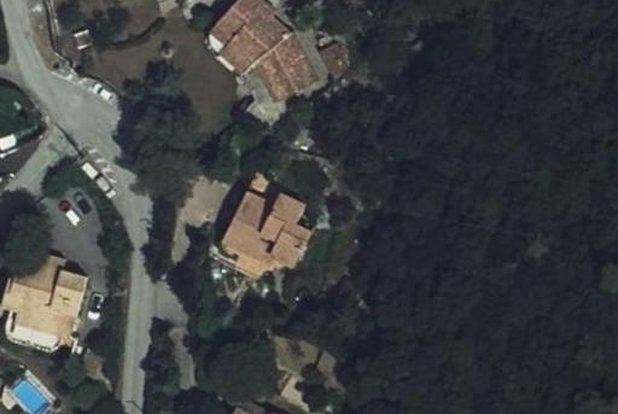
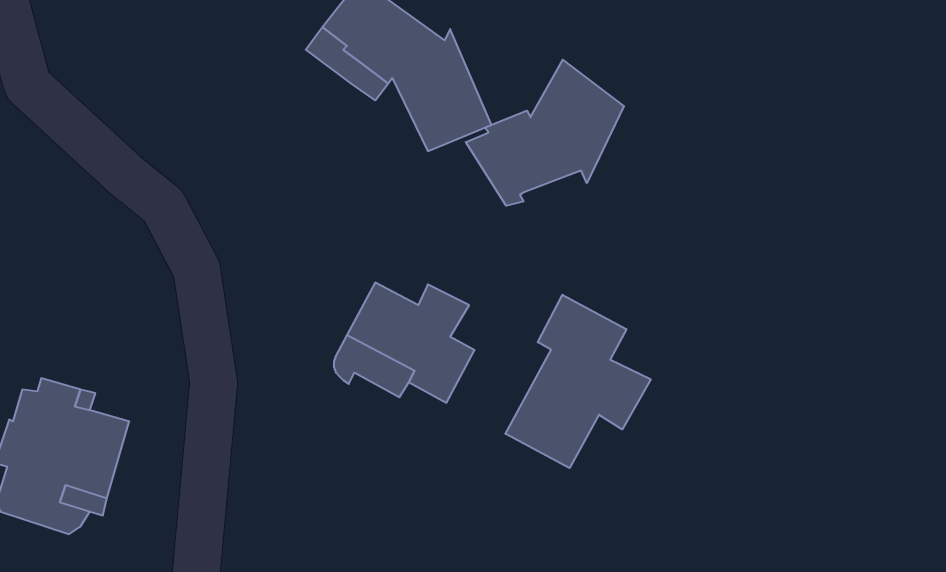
building: none -> [466,60,624,206]
building: none -> [505,295,651,468]

